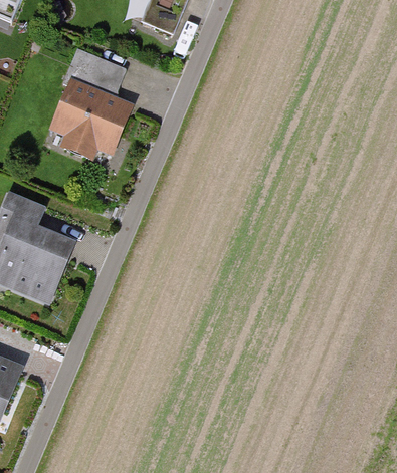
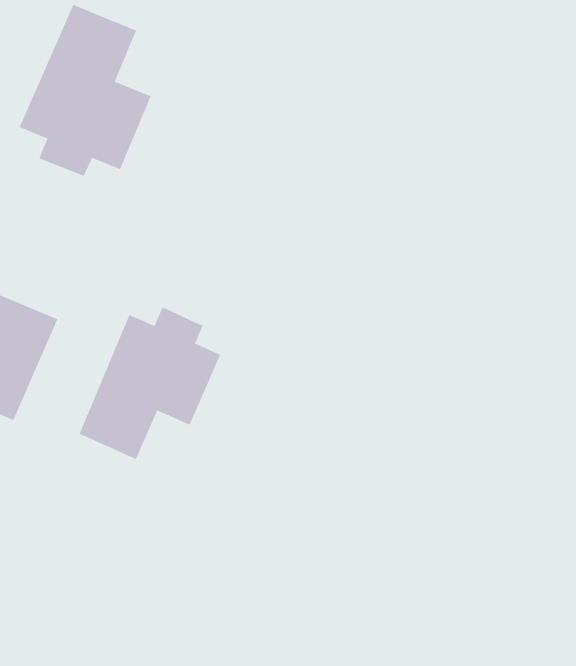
building: none -> [79,306,221,460]

